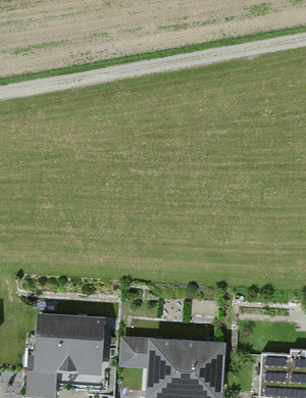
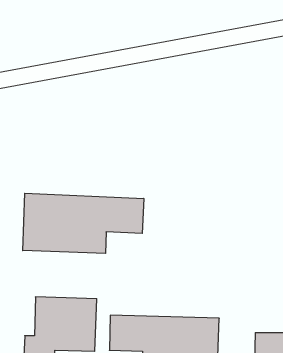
building: none -> [23,193,144,253]

